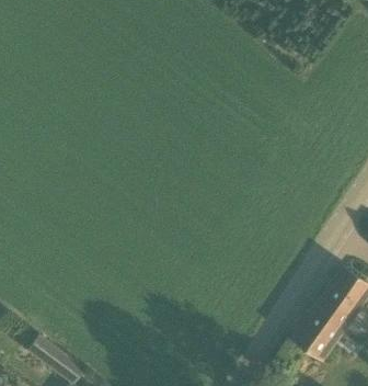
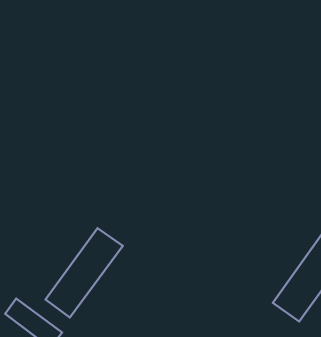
building: none -> [46,228,123,318]

